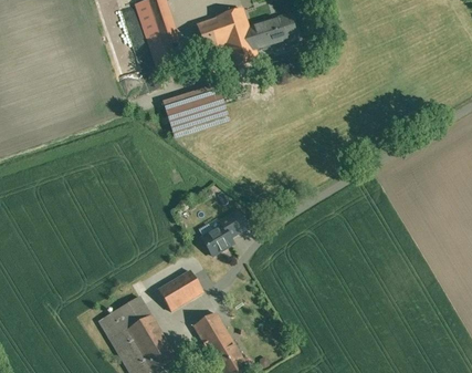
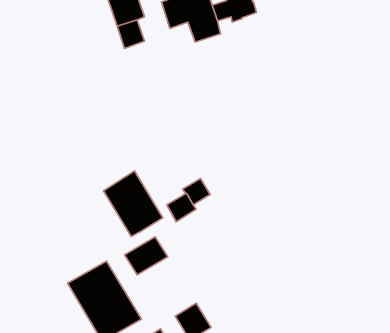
building: [164,85,225,131] -> none
building: none -> [104,171,163,237]
building: [192,311,232,353] -> none

